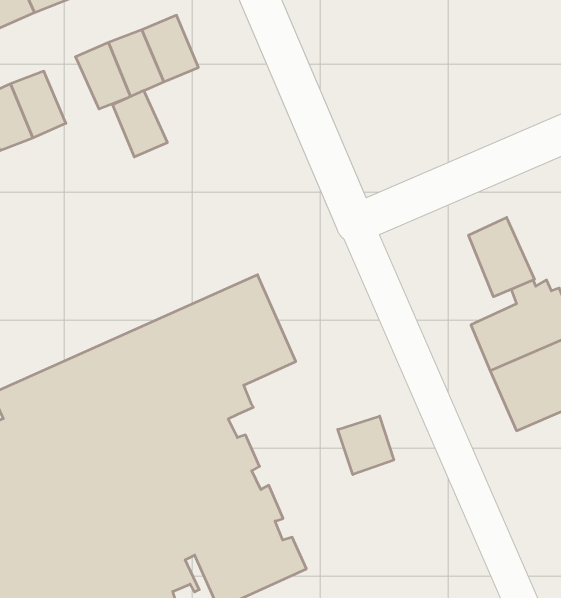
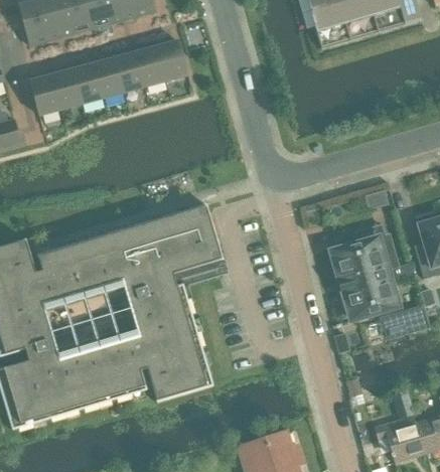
building: [112,91,167,157] -> [94,58,124,98]
building: [469,217,534,297] -> none
building: [338,416,394,475] -> none

